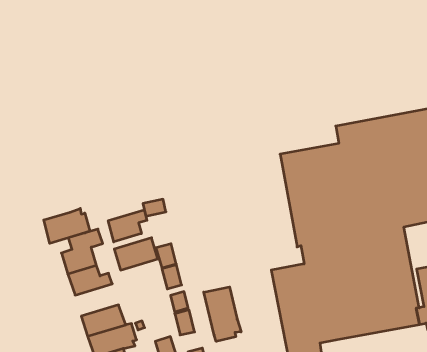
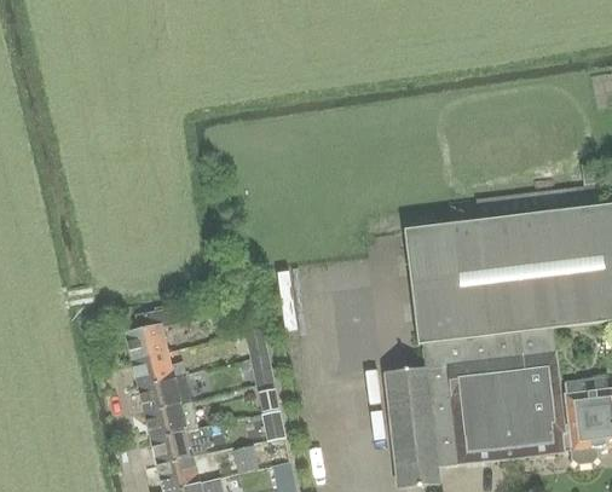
building: [44,208,90,243] -> none
building: [108,210,147,242] -> none
building: [114,238,158,270] -> [138,375,191,412]
building: [204,287,241,341] -> none

